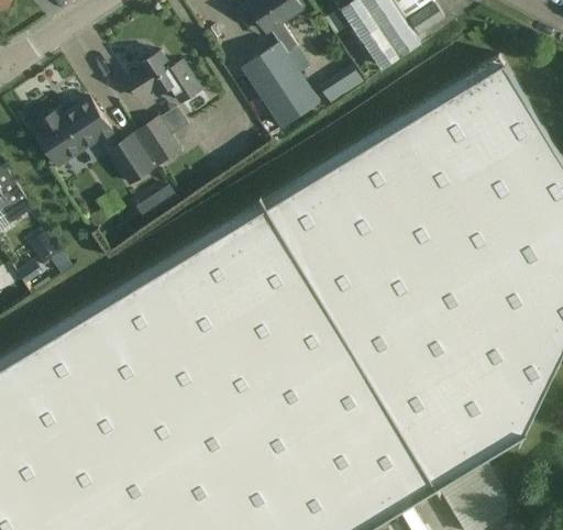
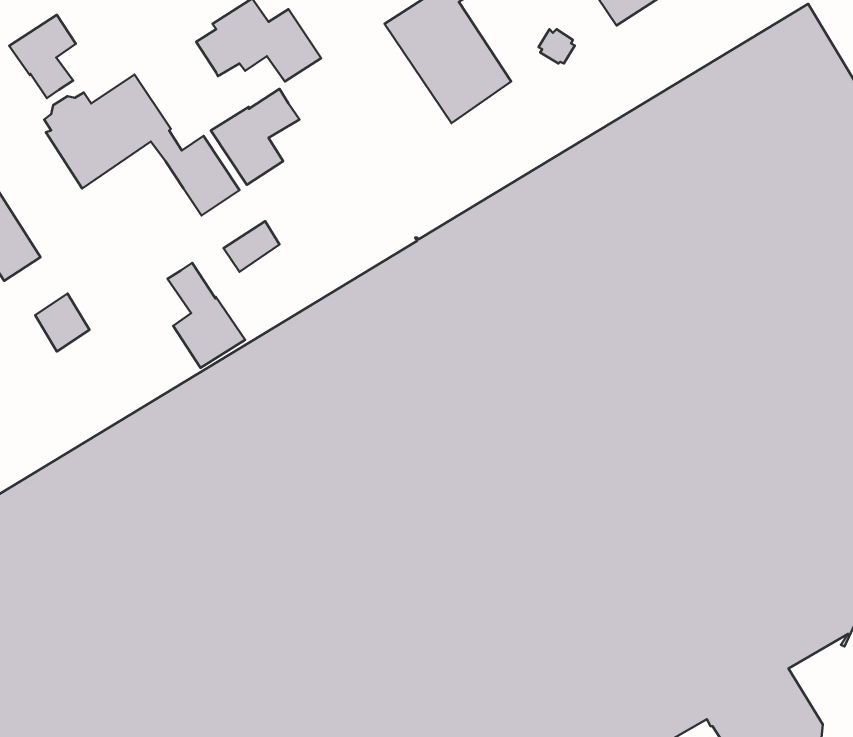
building: none -> [9,15,76,98]
building: none -> [168,263,245,368]

